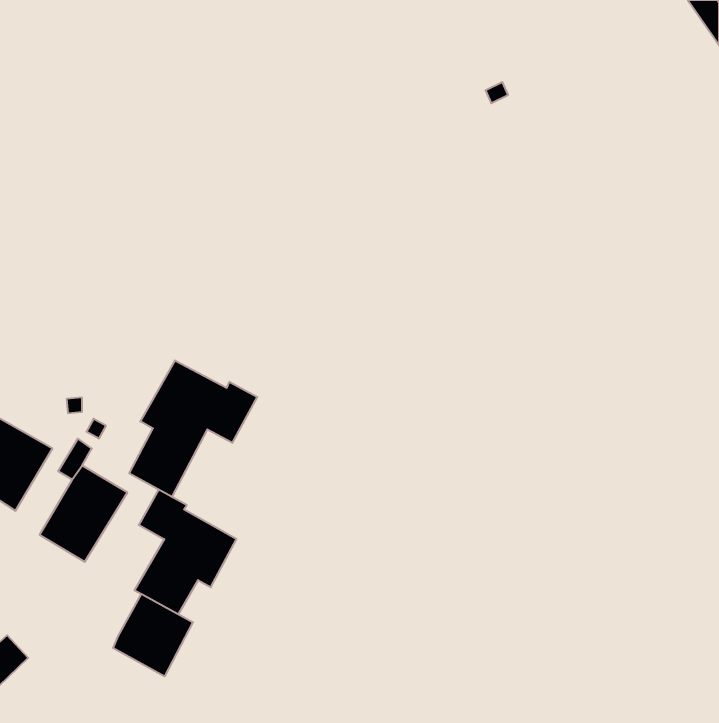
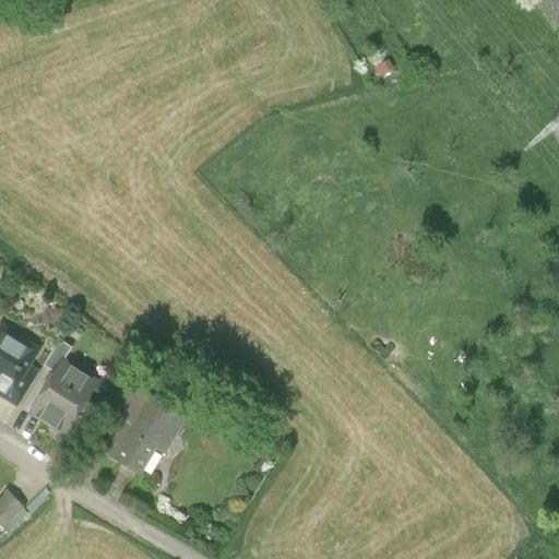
building: [129,360,257,497] -> none
building: [113,594,193,676] -> none

